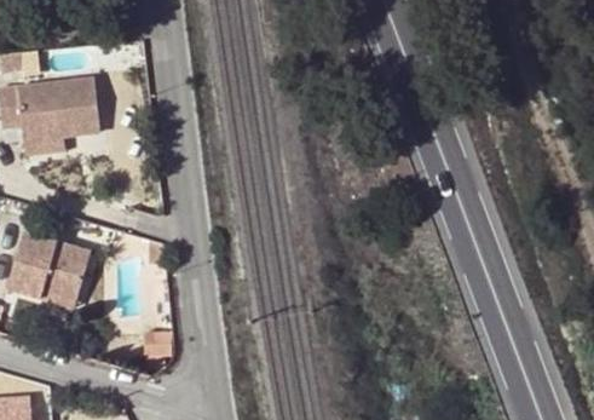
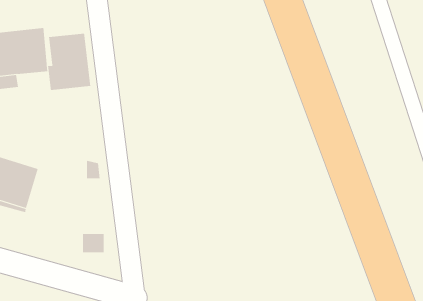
building: none -> [48,33,91,91]

